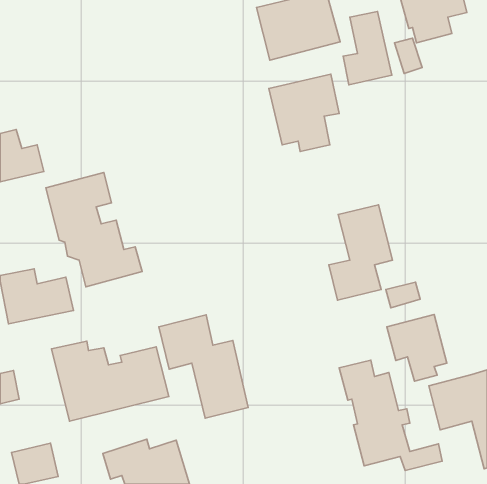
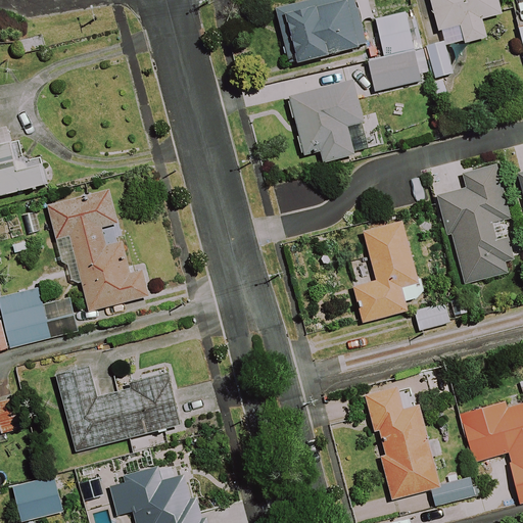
building: none -> [437,164,511,283]
building: [387,314,447,381] -> none
building: [159,315,248,418] -> none

